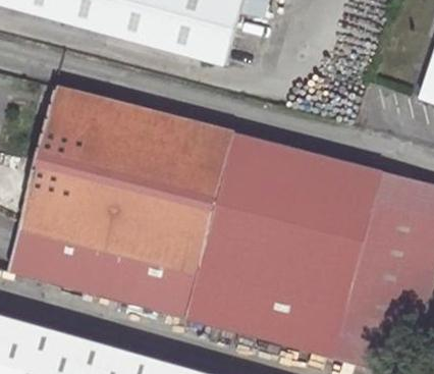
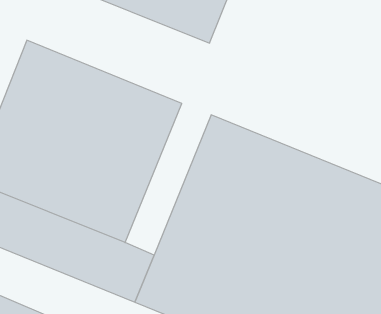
building: [171,127,235,271] -> none

